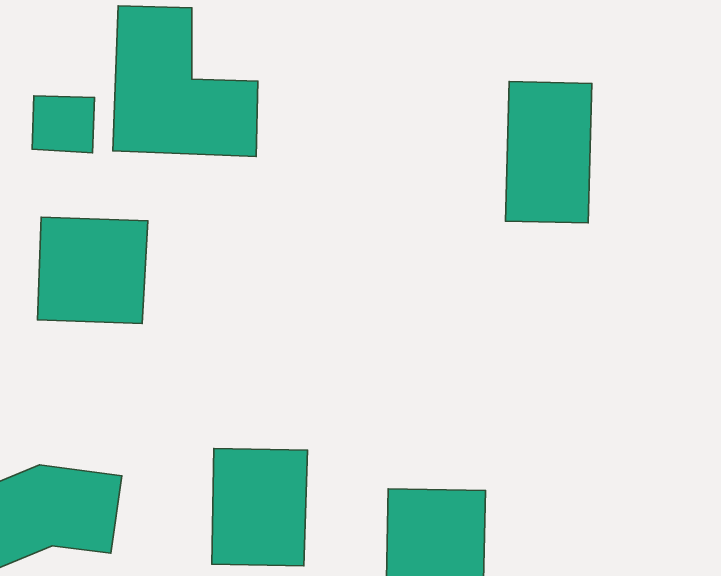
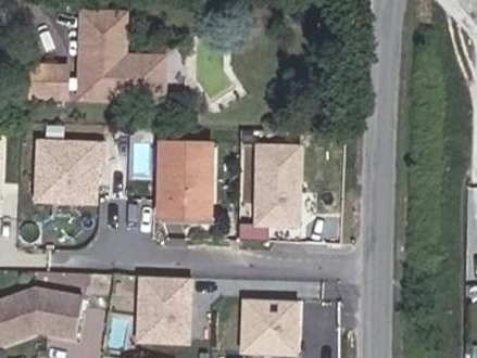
building: [506,82,592,223] -> [251,141,302,225]
building: none -> [164,150,222,225]

